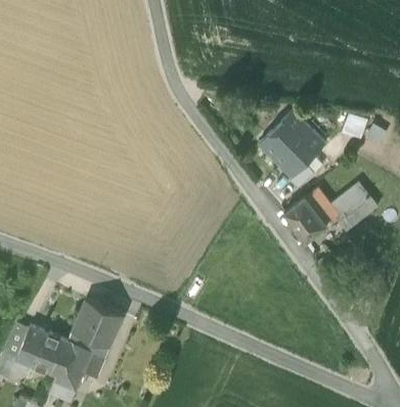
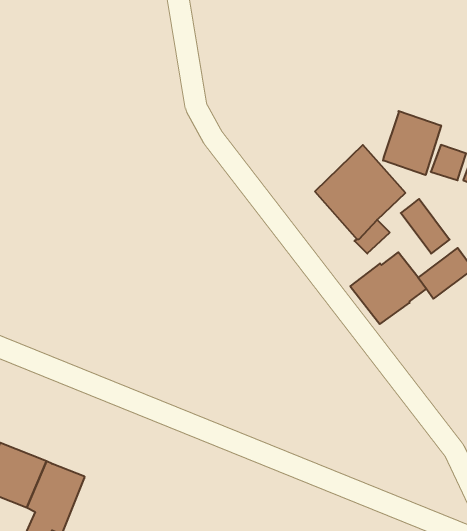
building: none -> [383,111,441,175]
building: none -> [401,199,450,254]
building: [69,299,124,358] -> none

